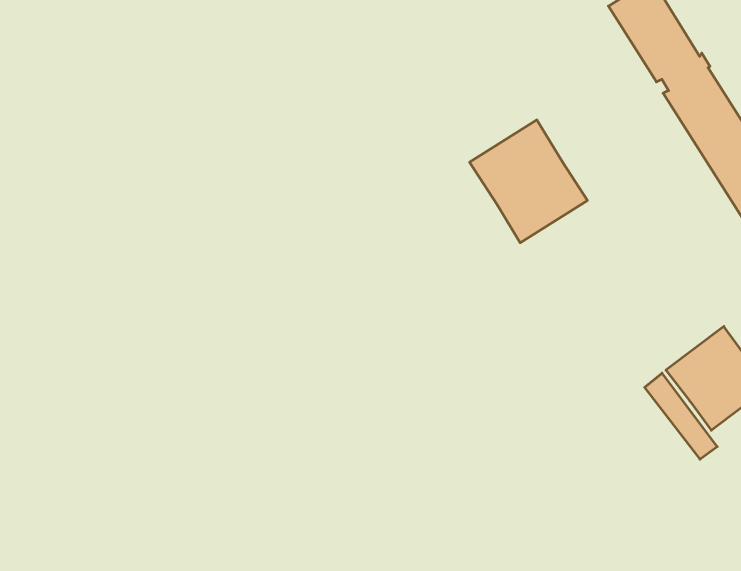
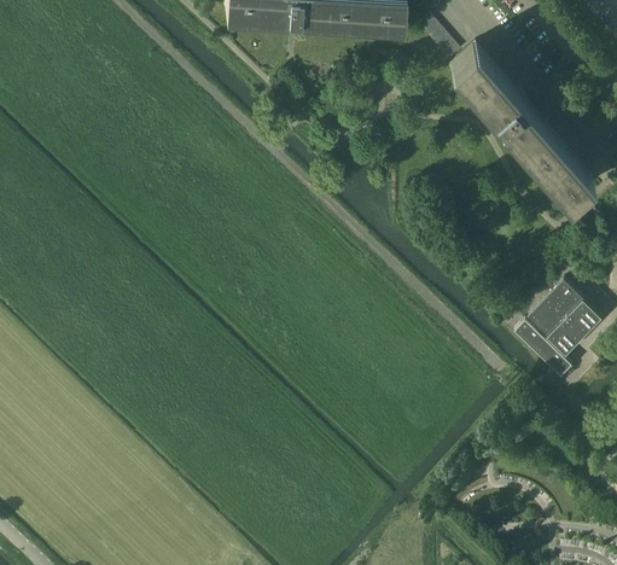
building: [470,120,587,243] -> none

